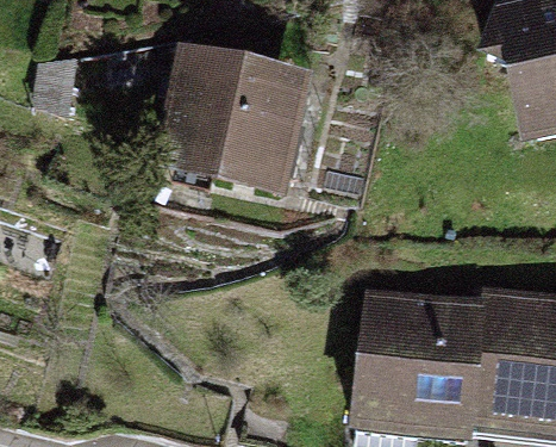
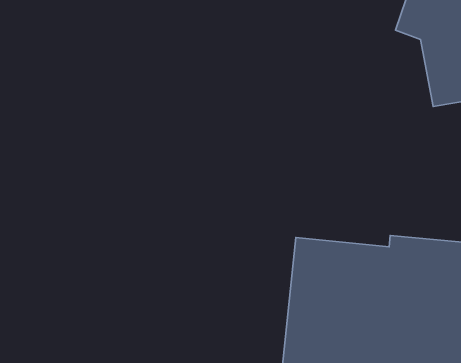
building: [158,42,307,194] -> none

